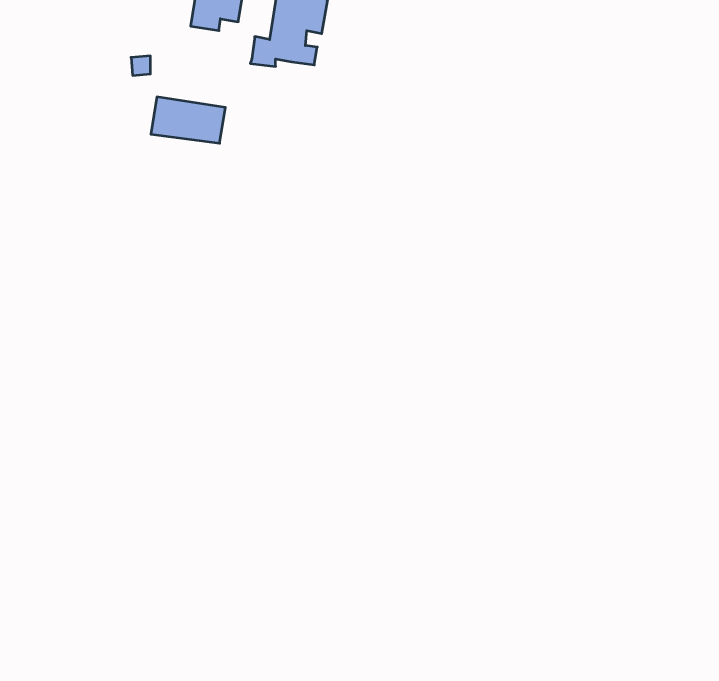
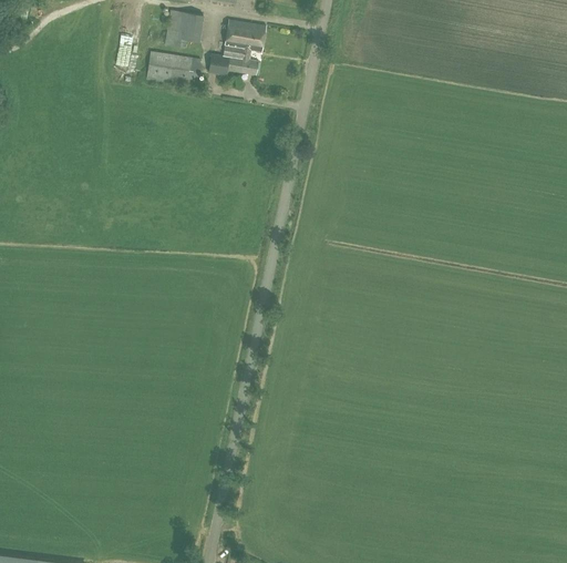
building: [151,97,225,143] -> [146,50,202,84]

